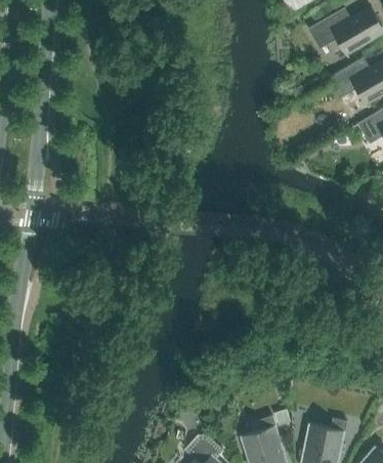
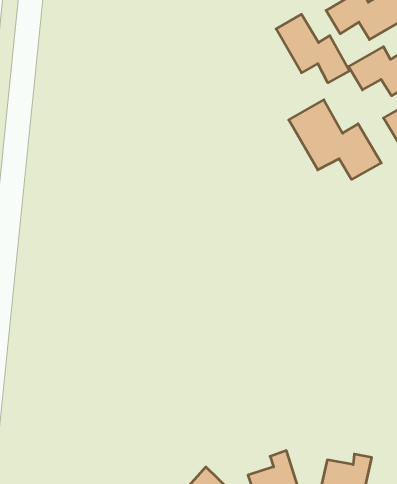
building: none -> [276,14,350,83]
building: none -> [289,100,381,179]

